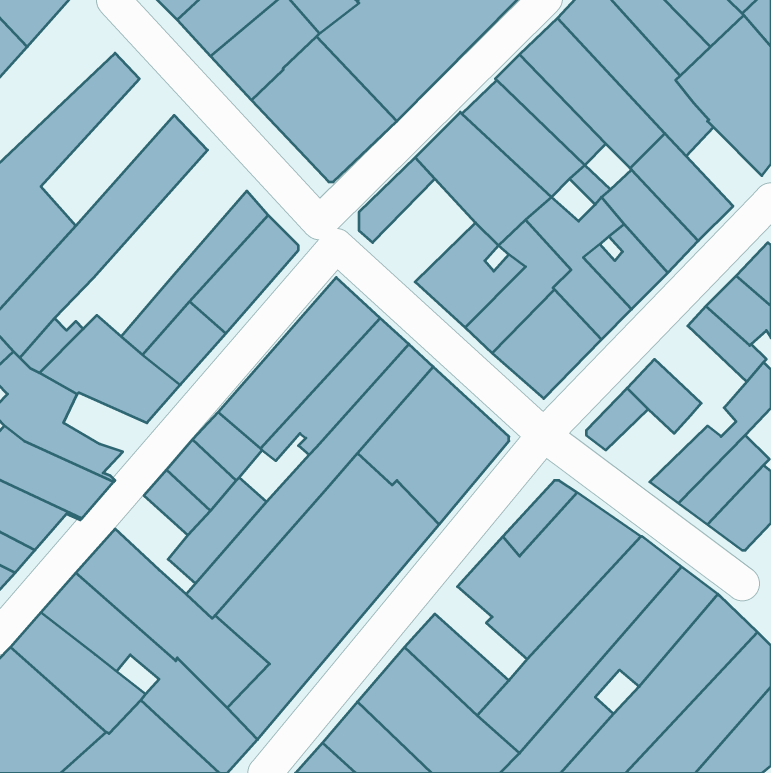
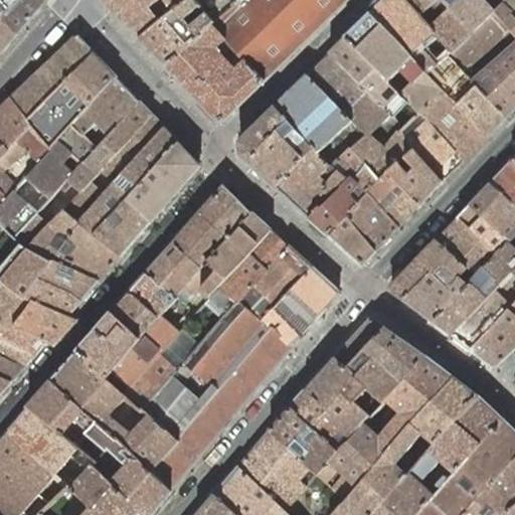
building: none -> [27,52,116,150]
building: none -> [456,84,506,137]
building: none -> [62,100,164,223]
building: none -> [247,119,316,187]
building: none -> [435,216,496,276]
building: none -> [42,261,98,300]
building: none -> [402,272,469,320]
building: none -> [76,329,125,378]
building: none -> [288,389,350,452]

